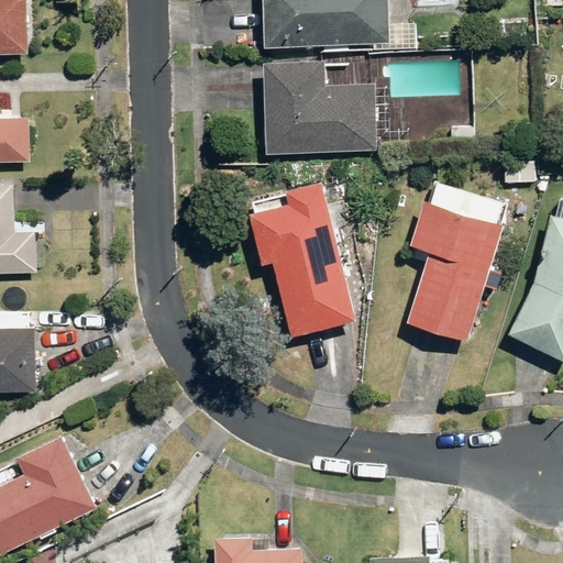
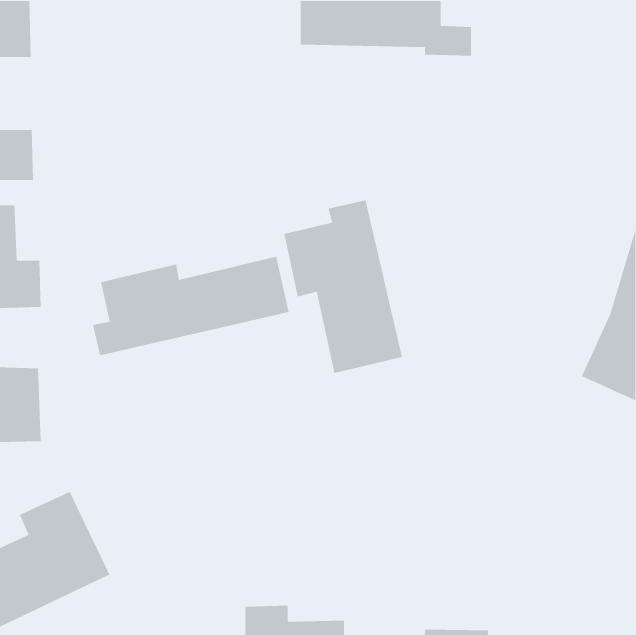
building: [263,60,372,156] -> none
building: [406,178,510,339] -> none
building: none -> [92,256,289,356]

